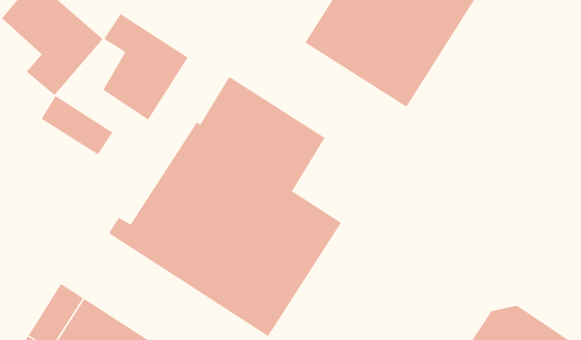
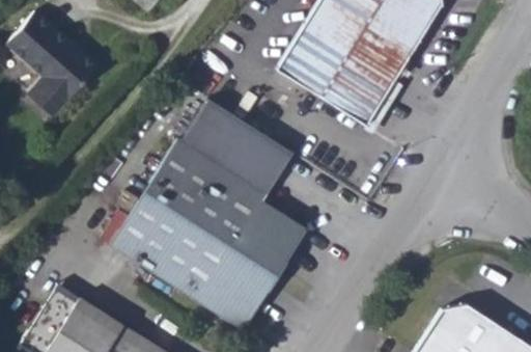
building: [102,13,189,121] -> none
building: [41,95,113,155] -> none

